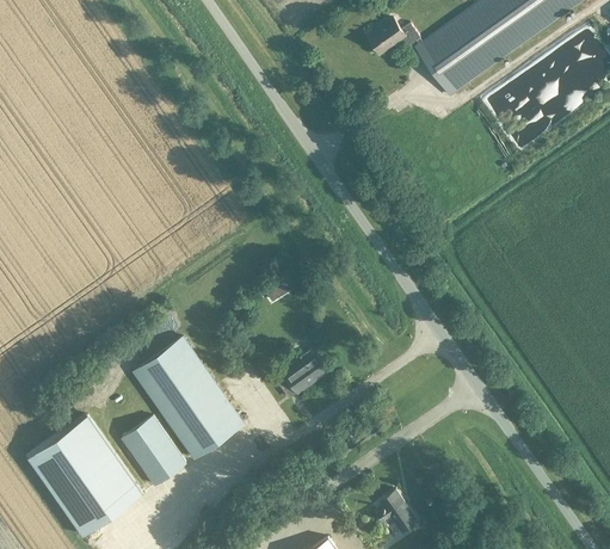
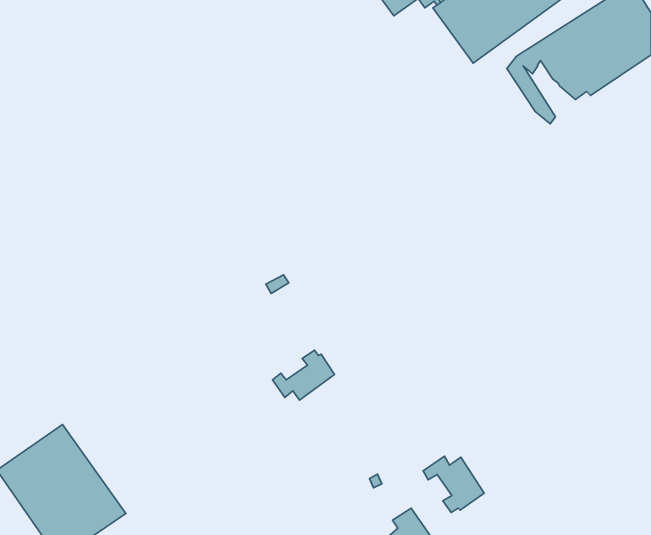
building: [134,338,241,456] -> none
building: [121,415,185,485] -> none
building: none -> [423,456,484,512]

